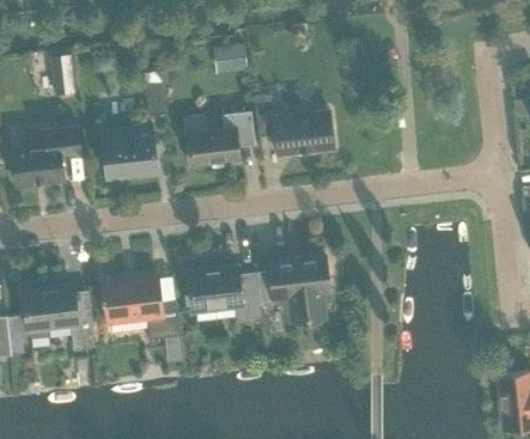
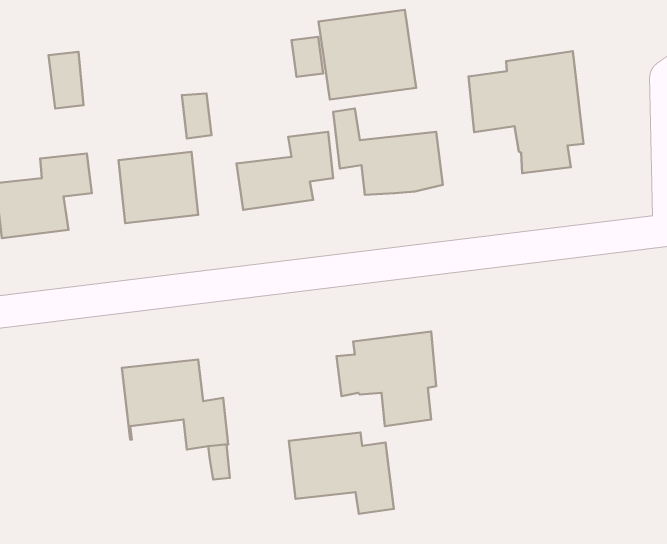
building: none -> [318,10,416,100]
building: none -> [468,51,584,173]
building: [185,266,261,324] -> [289,432,394,514]
building: [22,285,95,349] -> none

